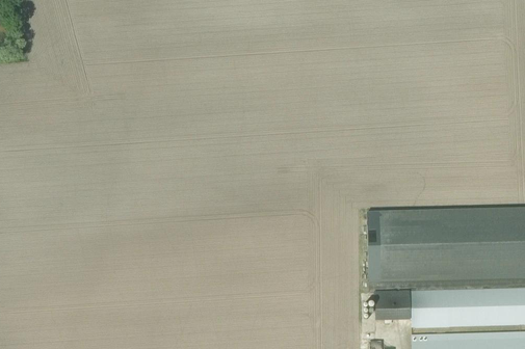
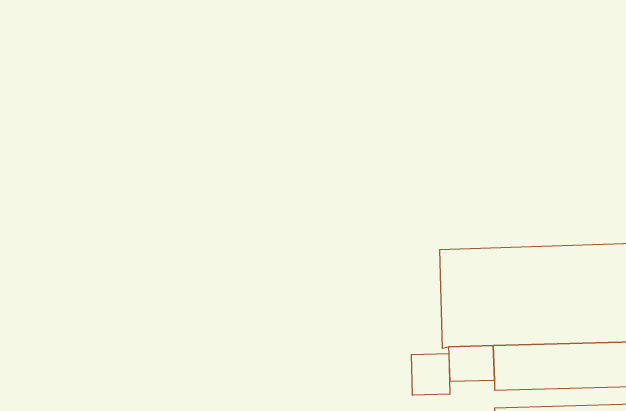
building: none -> [411,354,450,395]

